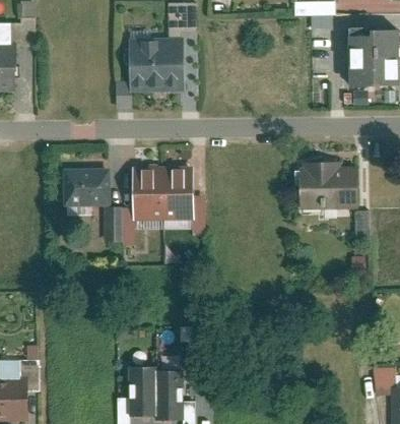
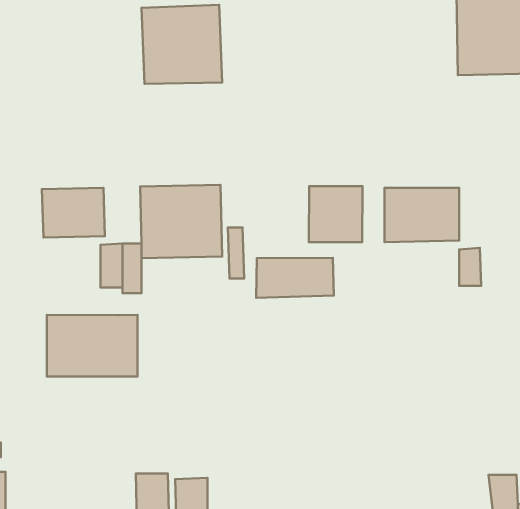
building: none -> [309,186,362,242]
building: none -> [256,258,334,298]
building: none -> [47,315,137,376]

